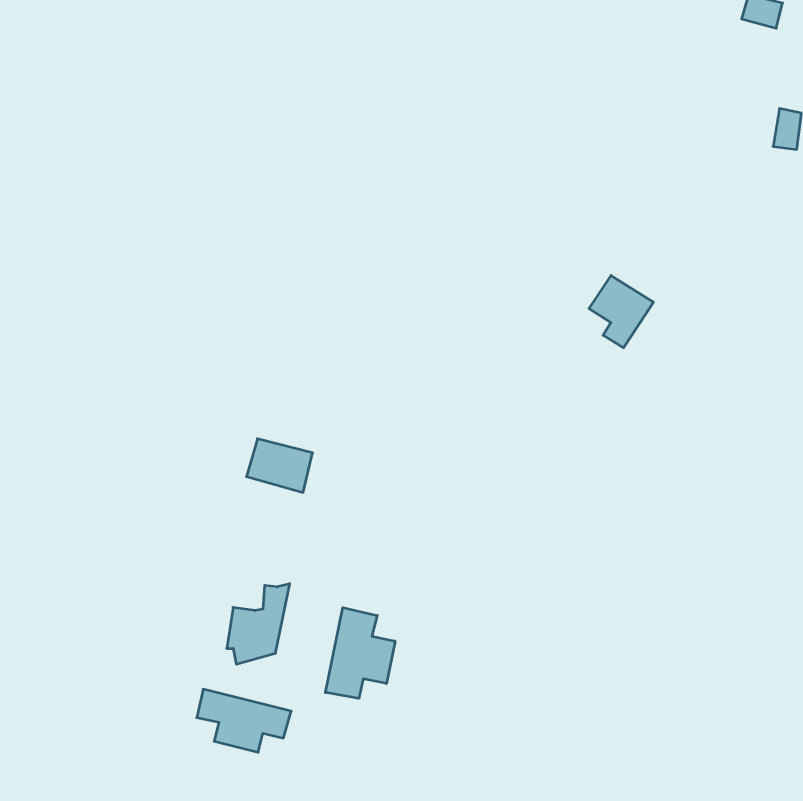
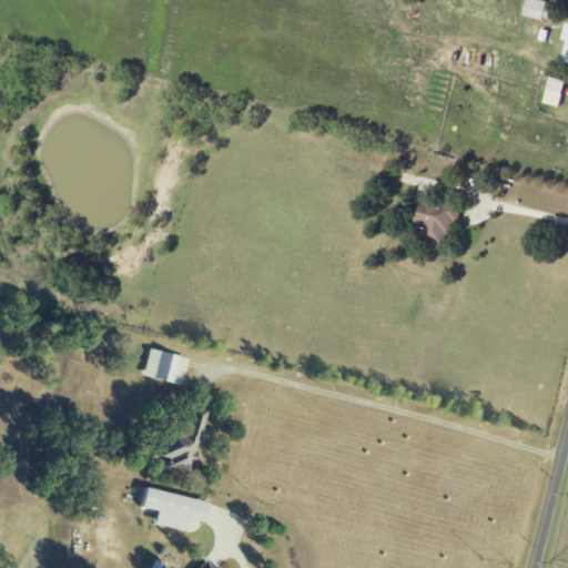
building: [246,439,313,492] -> [139,347,185,385]
building: [325,608,395,698] -> none

